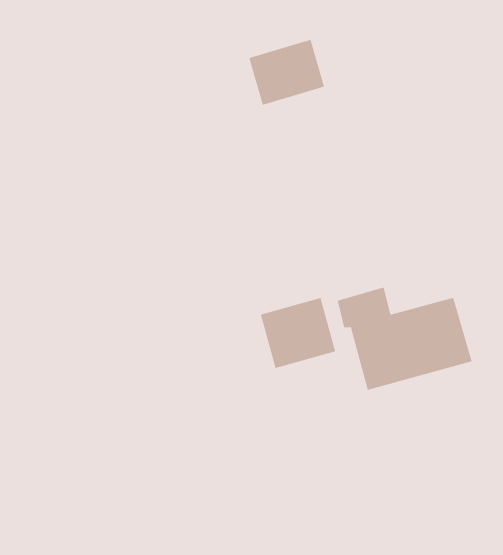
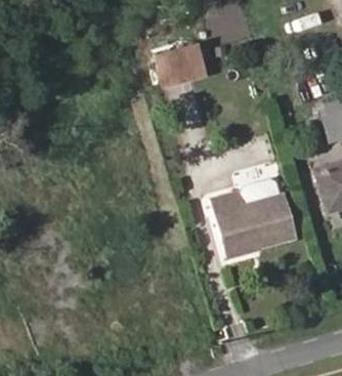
building: [260,297,336,369] -> none

